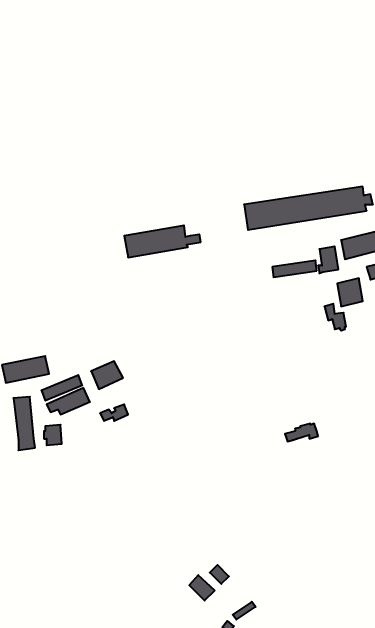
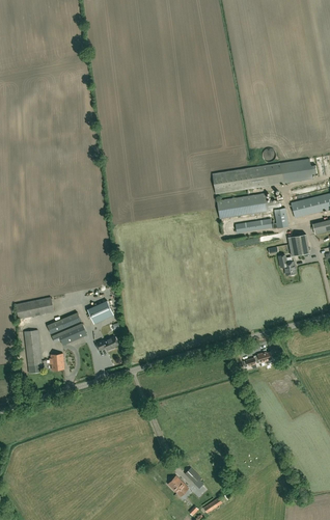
building: [124,225,201,257] -> [217,193,279,219]

